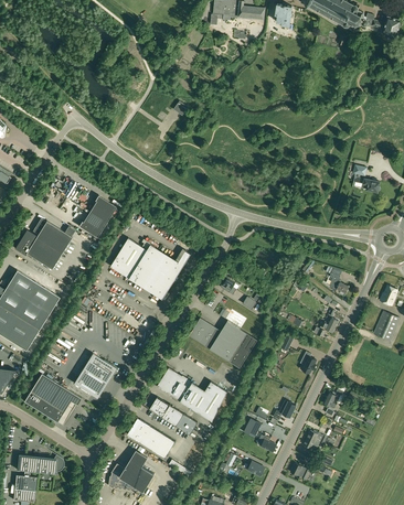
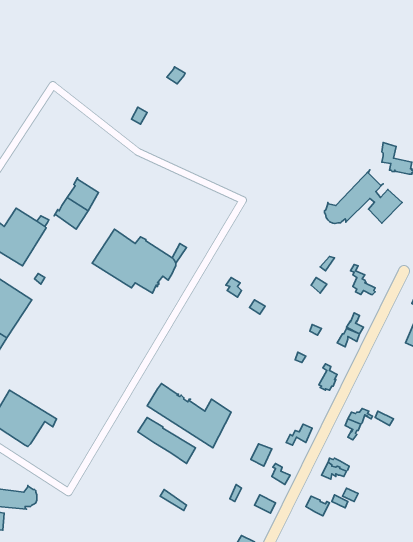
building: none -> [324,170,402,223]
building: [189,321,248,362] -> none
building: [74,354,117,399] -> none
building: [127,419,176,459] -> none
building: [109,460,155,492] -> none

